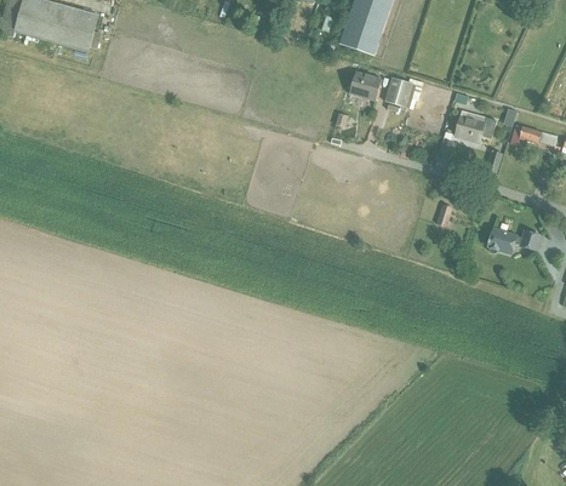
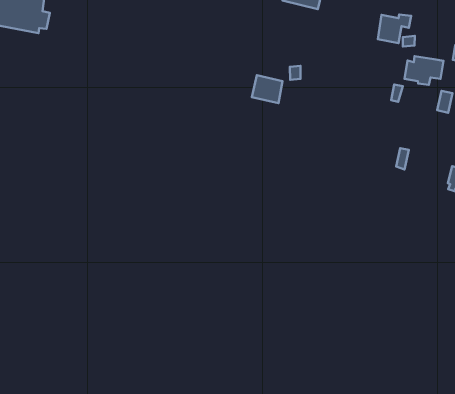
building: [348,70,381,101] -> [252,75,283,103]
building: [384,76,421,107] -> [378,14,411,43]

